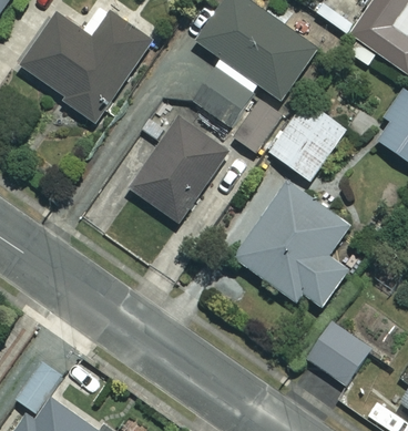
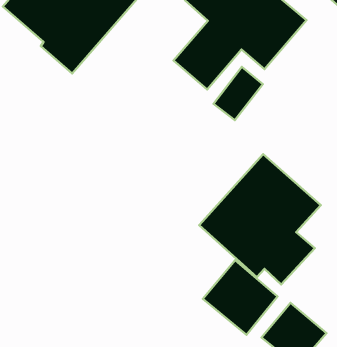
building: [269,101,346,179] -> none
building: [131,117,227,223] -> none
building: none -> [203,260,278,335]

